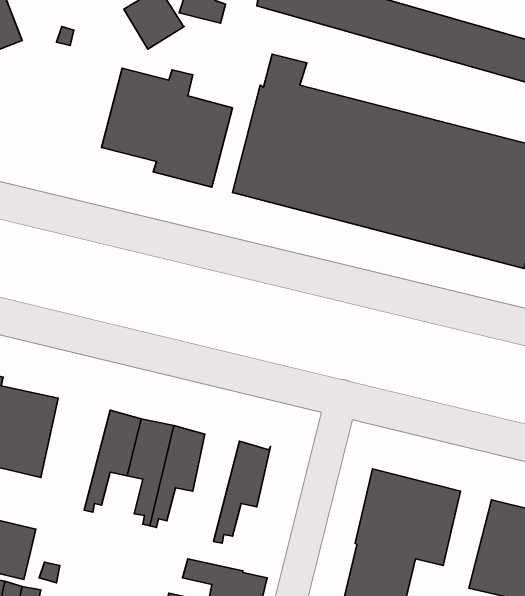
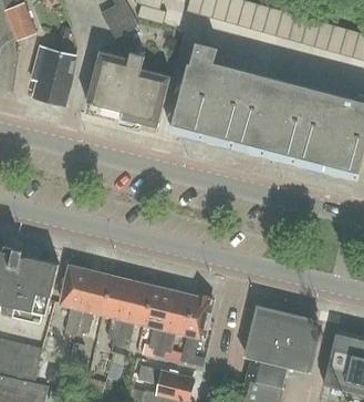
building: none -> [31,48,75,107]
building: none -> [61,266,92,336]
building: none -> [145,287,175,355]
building: none -> [181,295,212,362]

